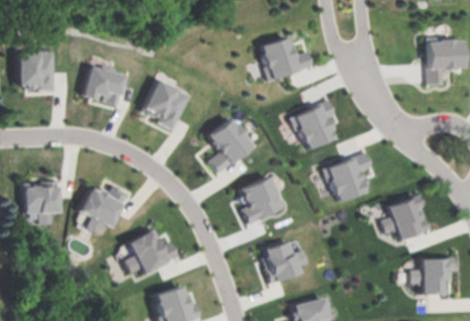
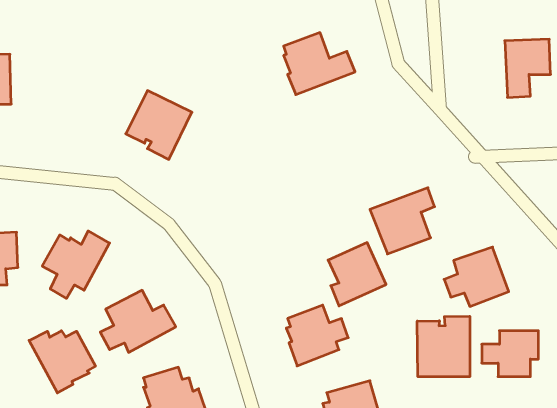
building: [81,64,127,105] -> none
building: [290,99,337,148] -> none
building: [206,117,254,174] -> none
building: [239,176,282,223] -> [328,243,386,306]
building: none -> [417,316,470,377]
building: none -> [29,331,95,393]

